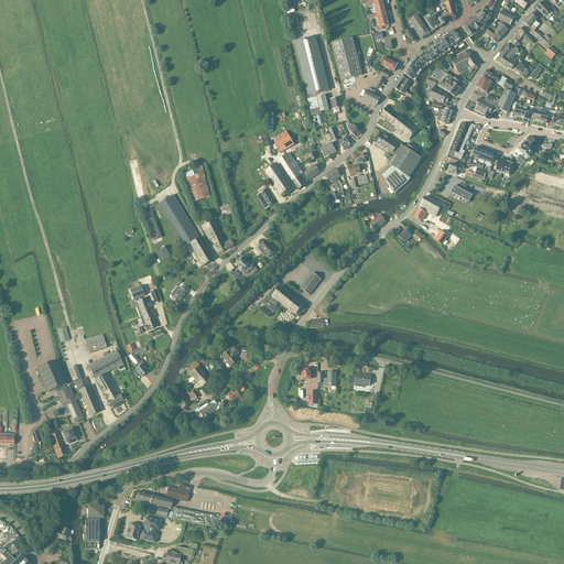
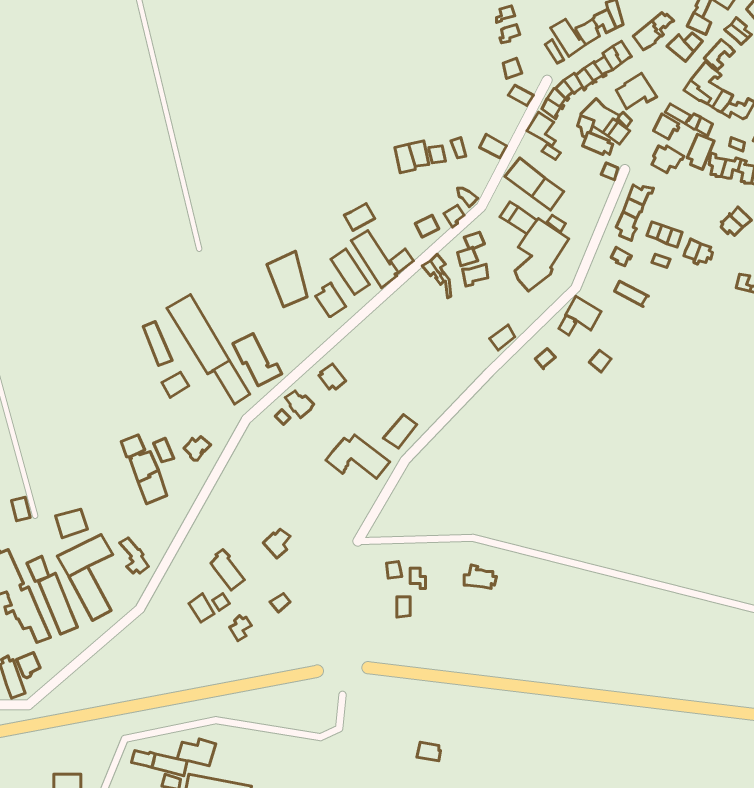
building: [294,36,329,95] -> none
building: [332,36,362,80] -> none
building: [183,165,209,202] -> [267,251,307,307]

